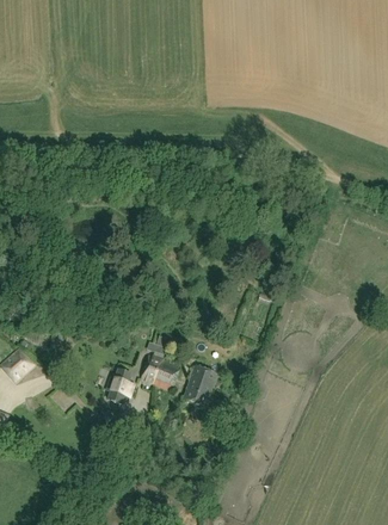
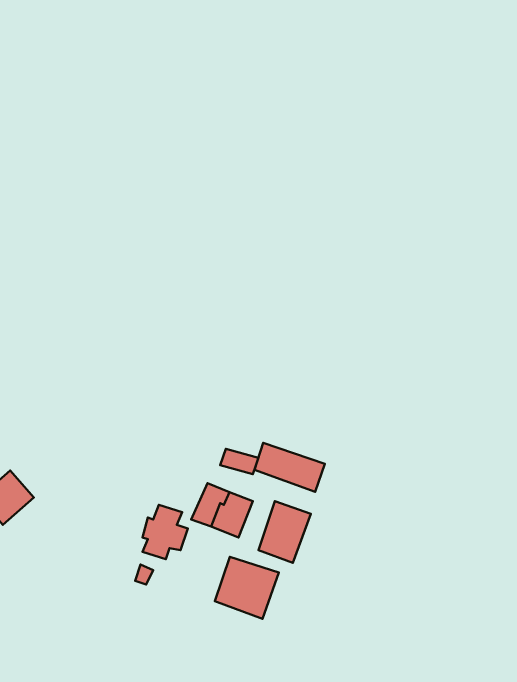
building: none -> [254,443,325,492]
building: none -> [215,557,279,619]

